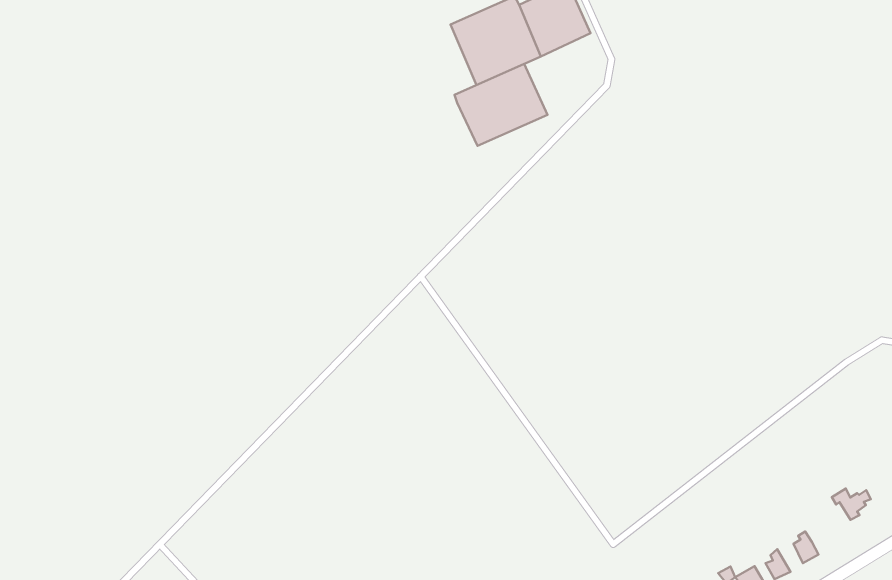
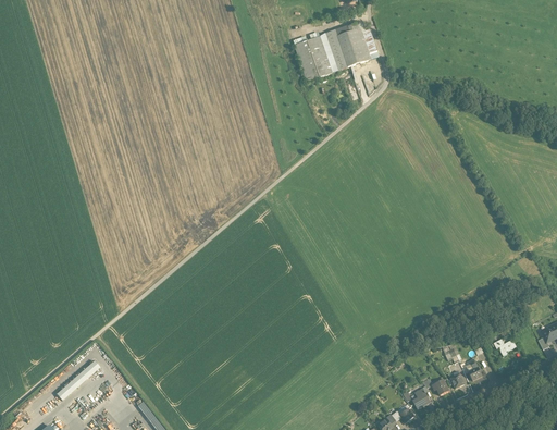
building: [454,64,547,146] -> none

